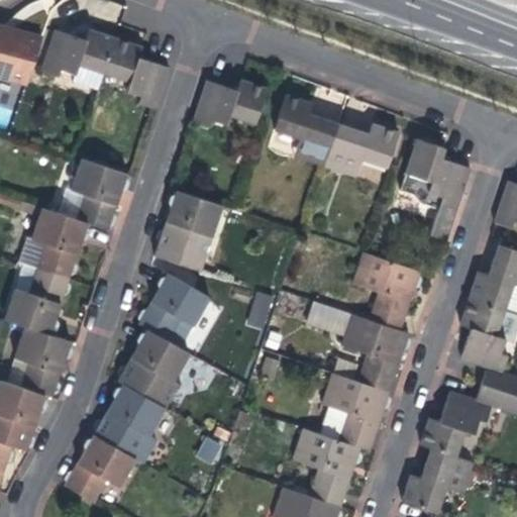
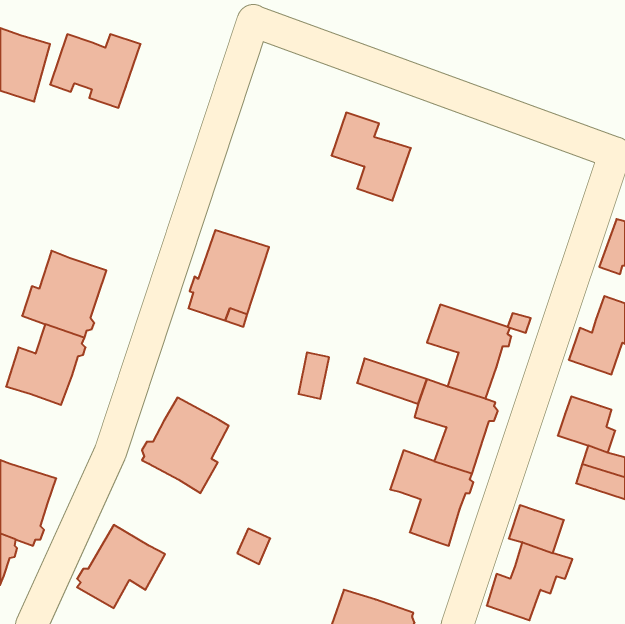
building: [104,37,170,109] -> none
building: [194,80,268,127] -> none
building: [324,123,399,177] -> none
building: [399,138,471,241] -> none
building: [58,160,127,231] -> none
building: [139,273,210,347] -> none
building: [460,298,505,336] -> none
building: [8,326,71,398] -> none
building: [94,384,166,458] -> none
building: [441,392,492,433] -> none
building: [294,429,363,507] -> none

